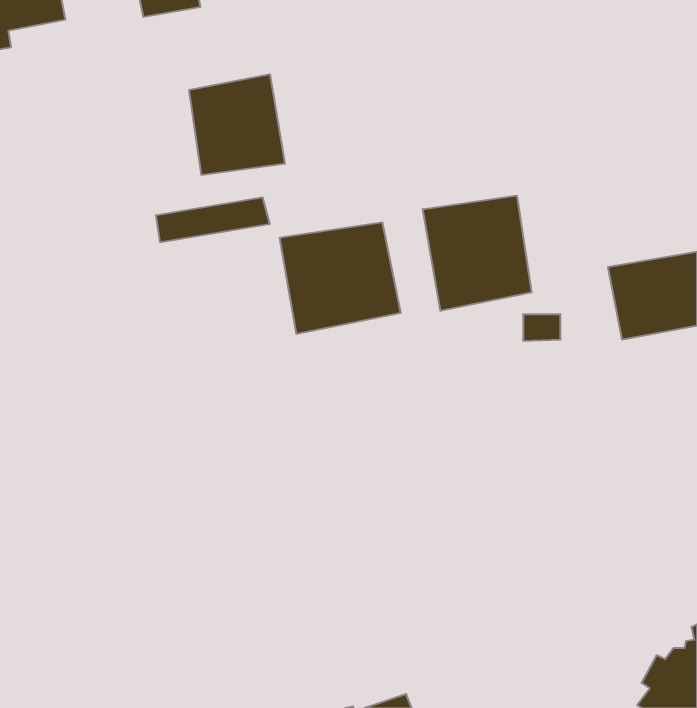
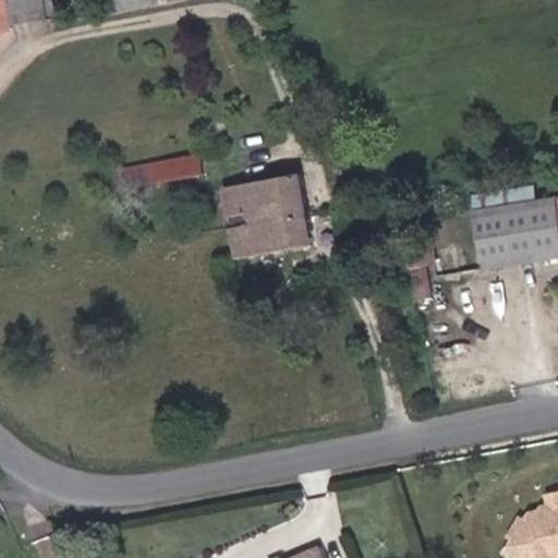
building: [189,74,285,175] -> none
building: [423,196,532,311] -> none

